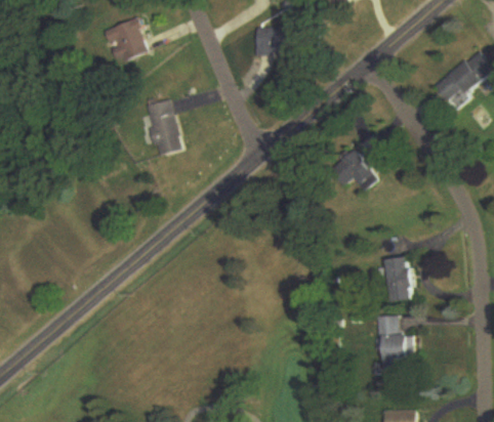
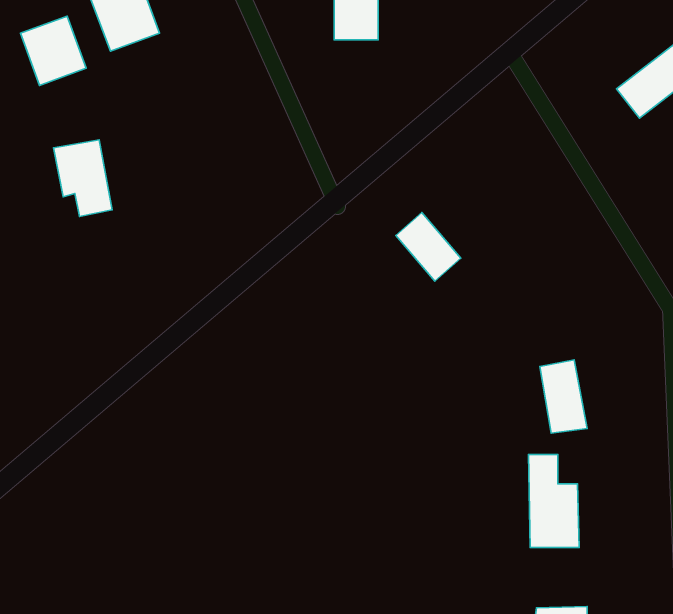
building: none -> [20,16,86,85]
building: [140,106,177,154] -> [53,140,112,217]
building: [337,149,378,192] -> [396,213,461,281]

